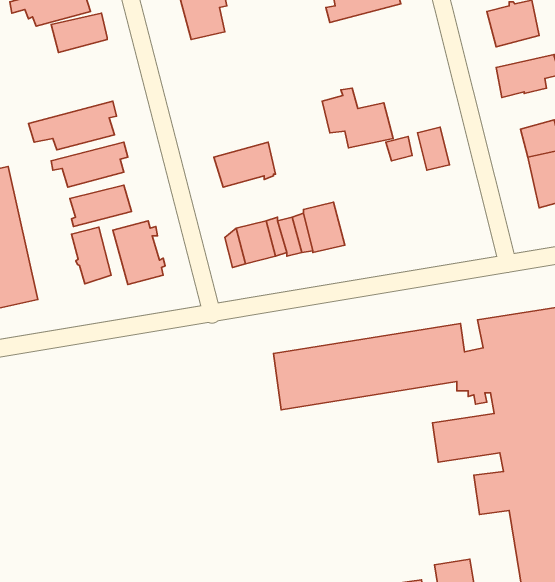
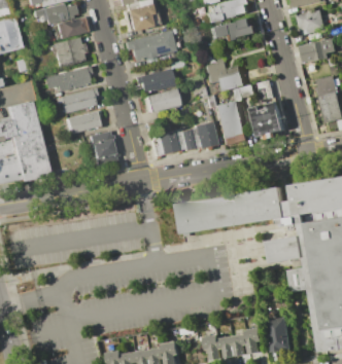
building: none -> [210,17,256,40]
building: none -> [124,30,175,61]
building: none -> [53,37,87,66]
building: none -> [136,68,175,92]
building: none -> [207,95,246,145]
building: none -> [251,101,284,138]
building: [72,227,111,284] -> none

